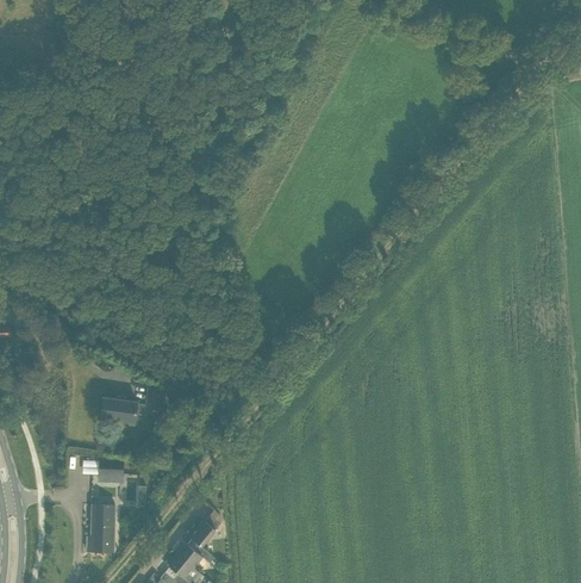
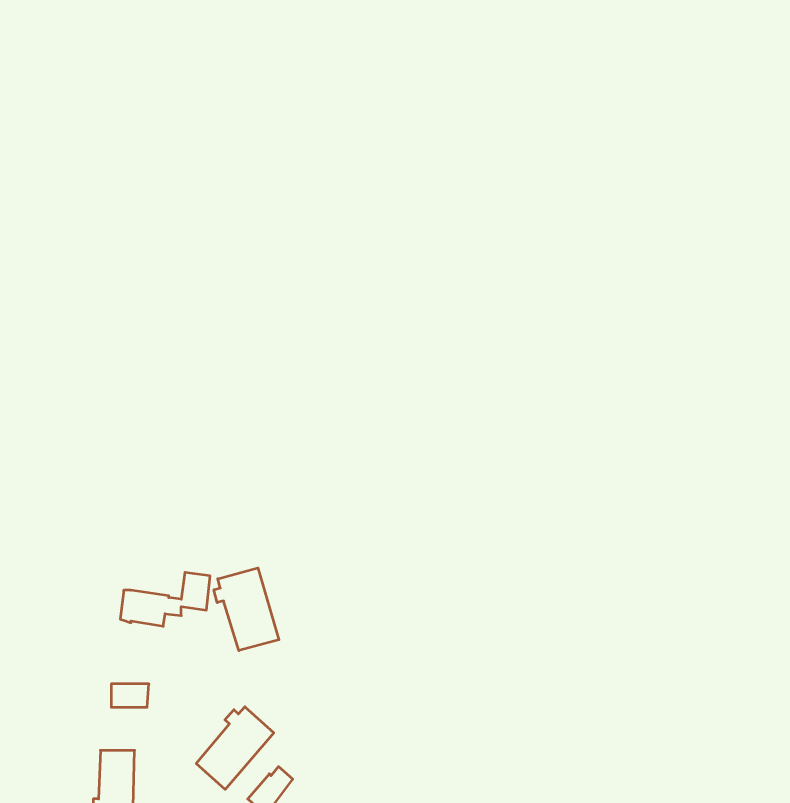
building: none -> [214,568,279,651]
building: none -> [196,707,274,789]

